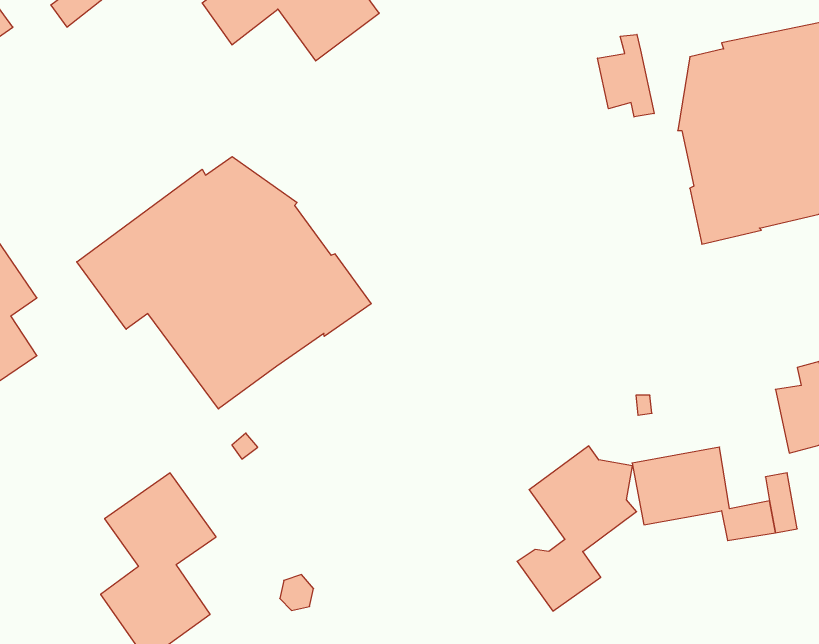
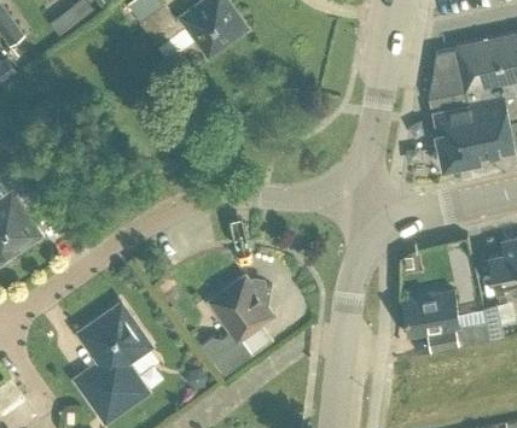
building: [598,34,654,117] -> none
building: [77,157,371,409] -> none
building: [517,446,637,611] -> [202,276,274,376]

